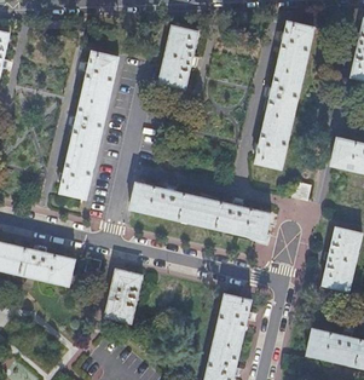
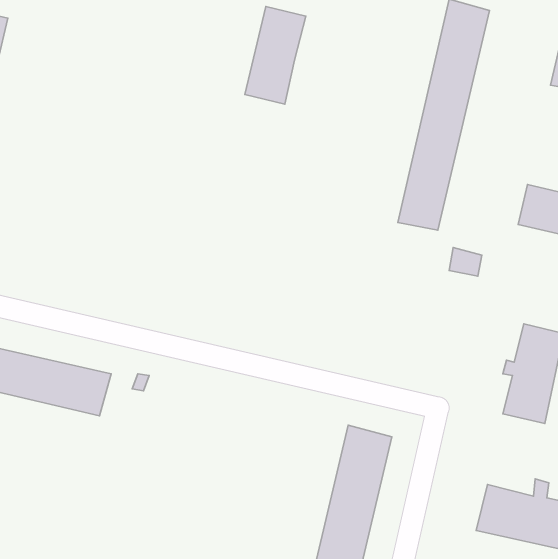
building: [59,52,117,197] -> none
building: [129,183,271,240] -> none
building: [104,269,141,323] -> none

